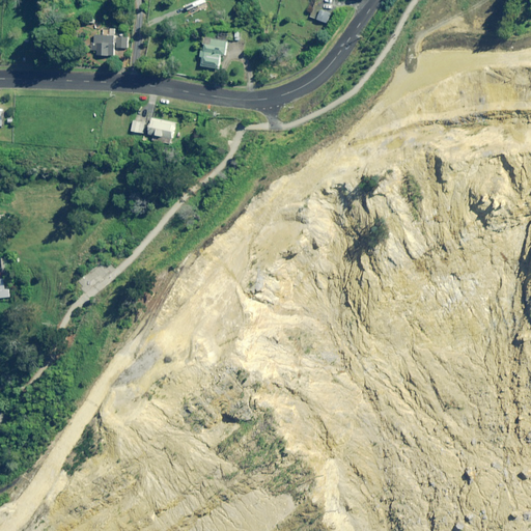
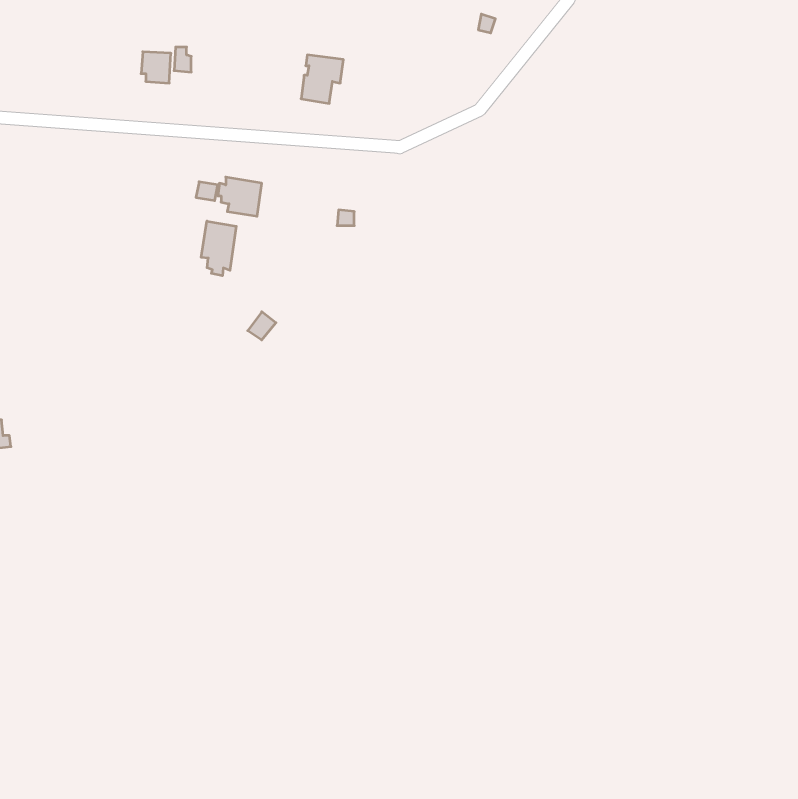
building: none -> [201,221,236,276]

